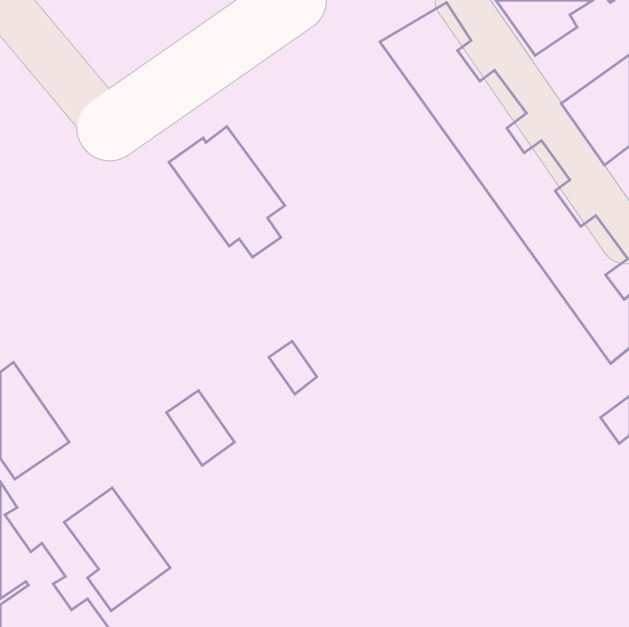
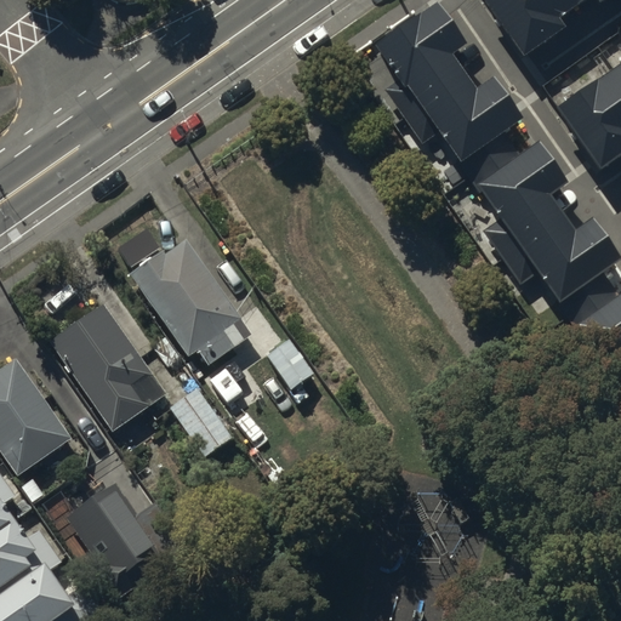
building: [169,127,285,257] -> [126,238,240,366]
building: none -> [46,301,166,432]

